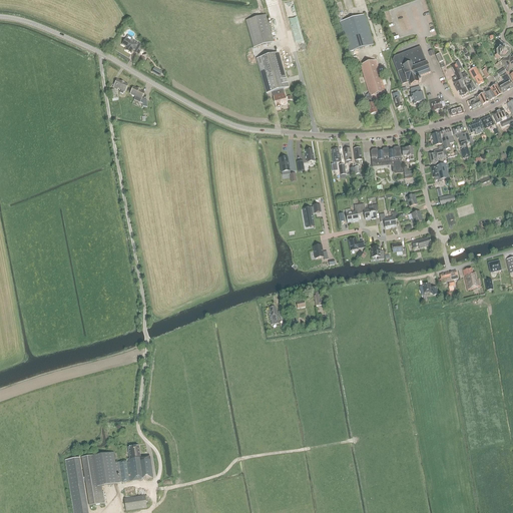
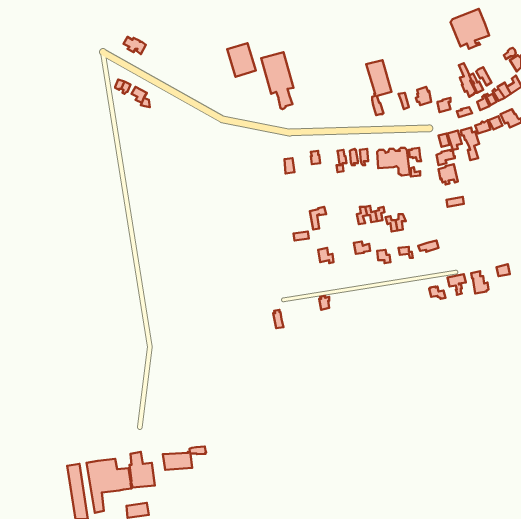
building: [245,13,274,46] -> [227,43,256,77]
building: [340,13,374,50] -> none
building: [392,45,430,84] -> [450,9,489,49]
building: none -> [163,447,206,470]

